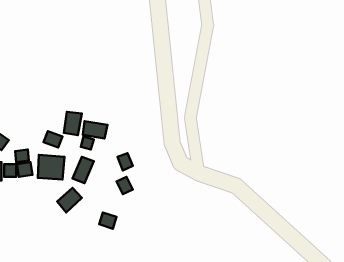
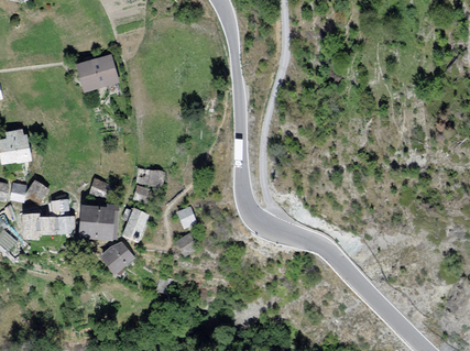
building: none -> [77,54,118,90]
building: [64,112,82,135] -> none

